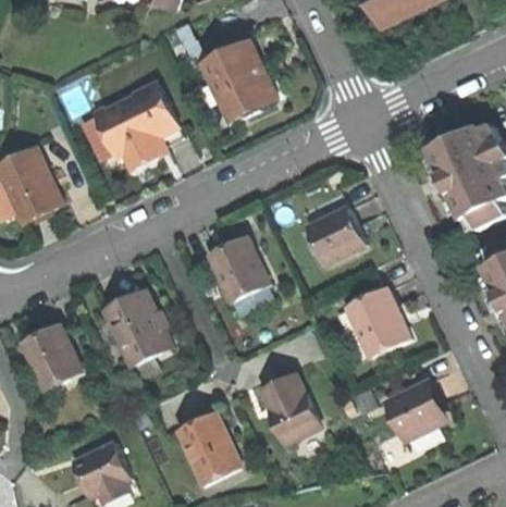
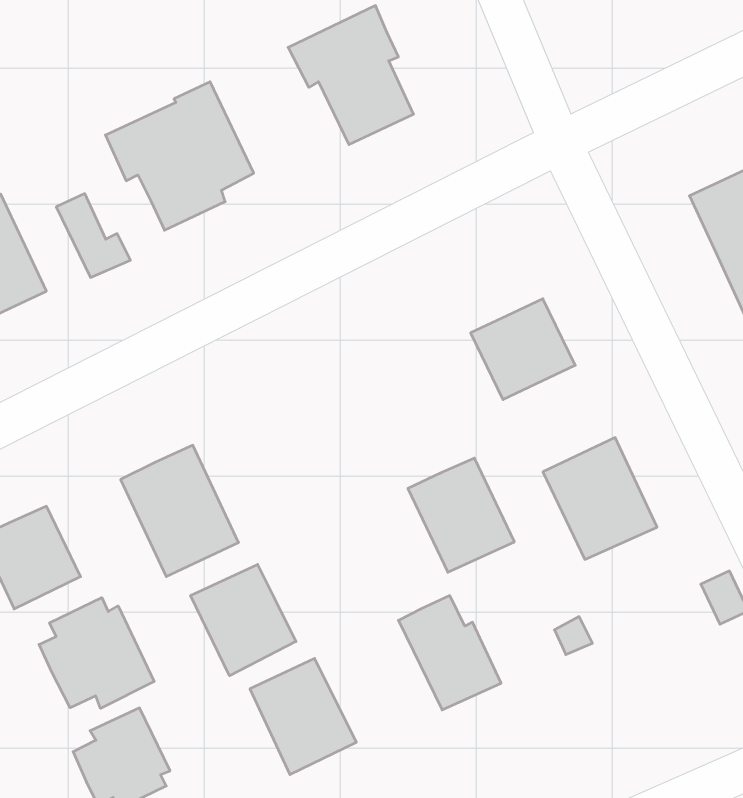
building: [78,113,121,161] -> [56,194,130,277]
building: [209,236,270,301] -> [408,458,514,572]
building: none -> [191,564,296,676]
building: none -> [39,598,154,708]
building: [384,382,442,440] -> none

